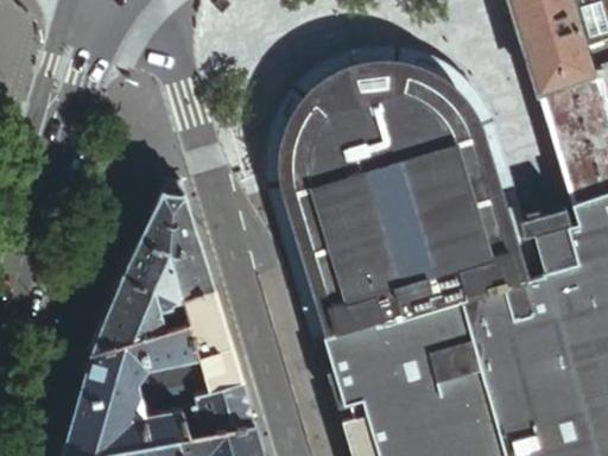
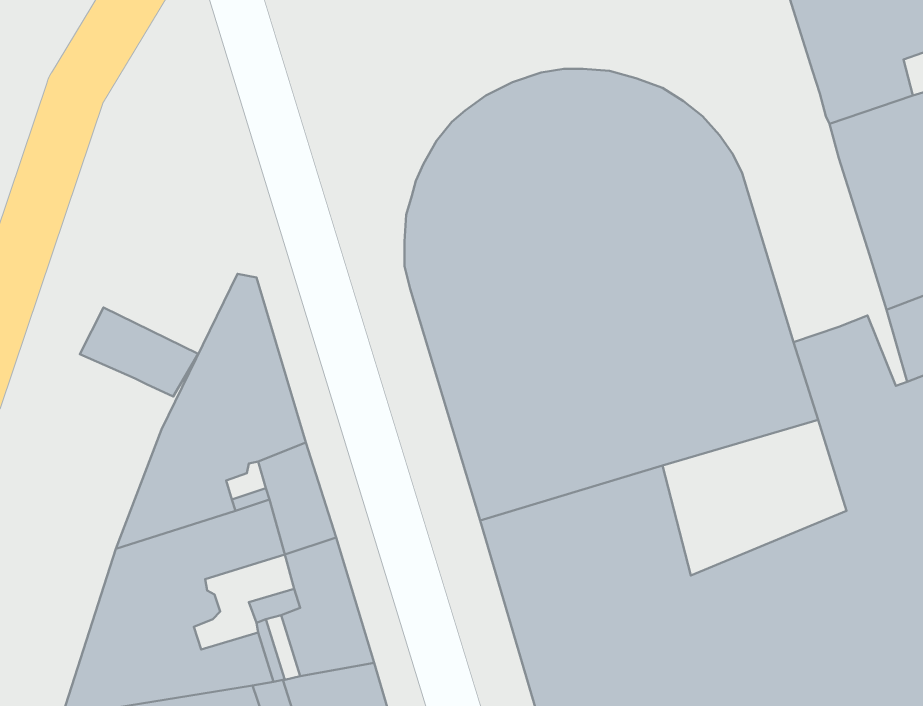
building: none -> [80,308,198,396]
building: [435,274,550,372] -> none

